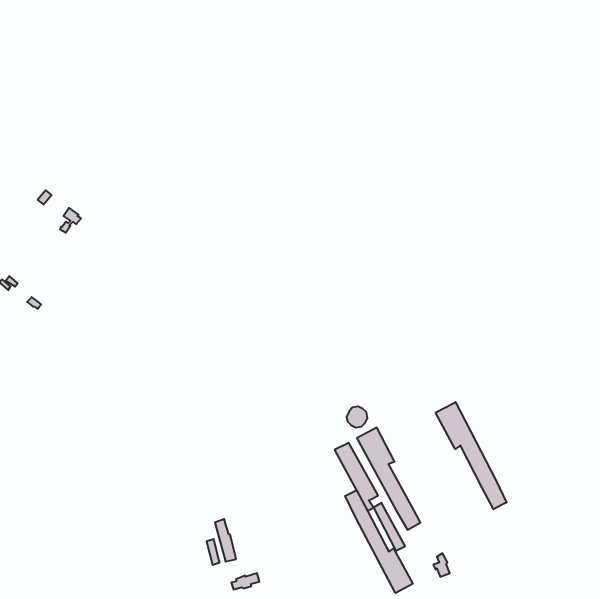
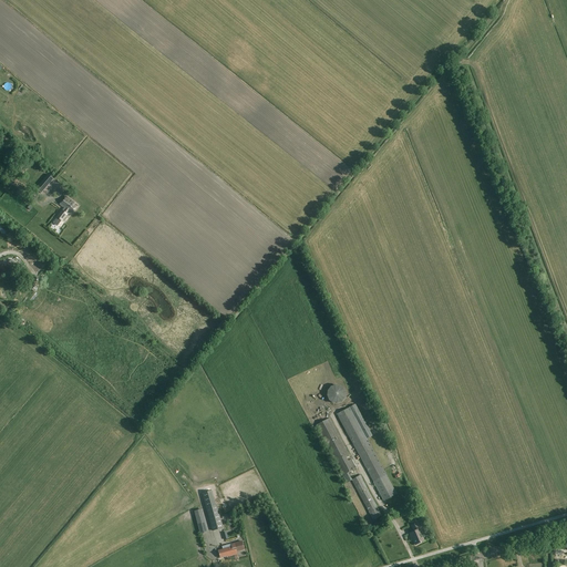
building: [436,402,507,509] -> none
building: [345,490,413,593] -> none

